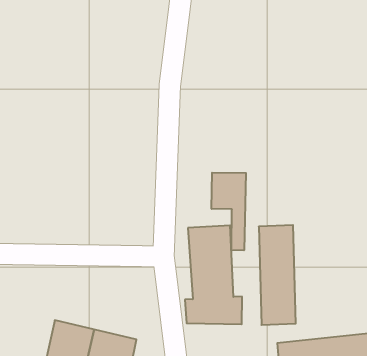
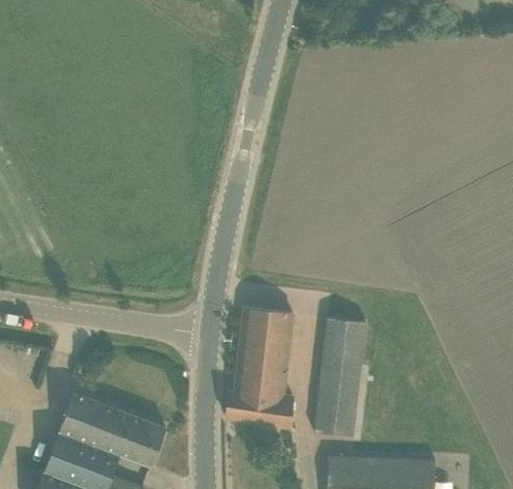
building: [212,173,246,251] -> none

